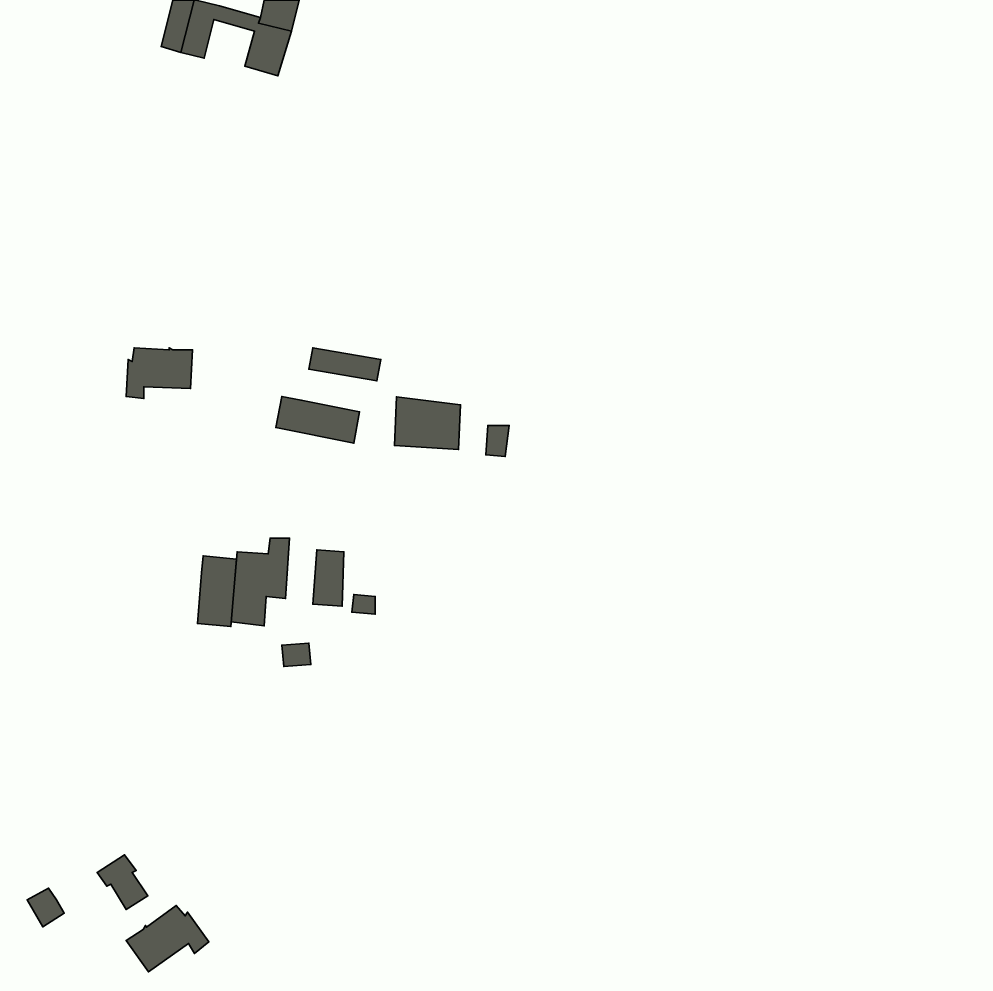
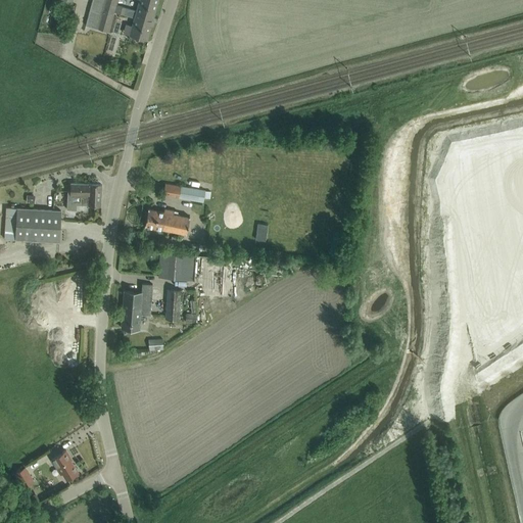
building: none -> [4,207,60,242]
building: [394,397,461,449] -> [158,252,193,280]
building: [197,556,236,626] -> none
building: [126,906,209,972] -> none

